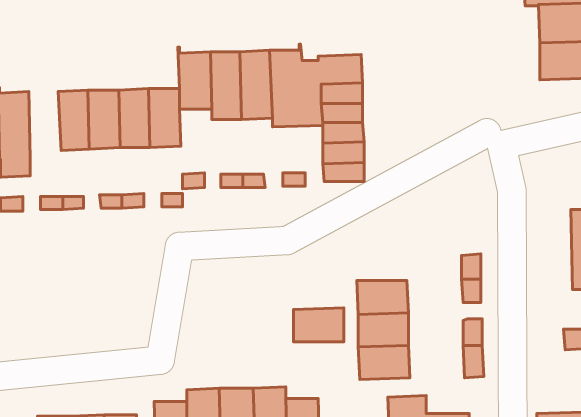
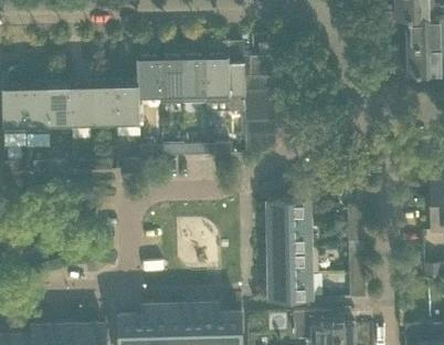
building: none -> [24,84,49,134]
building: [294,308,344,342] -> [269,200,307,226]

